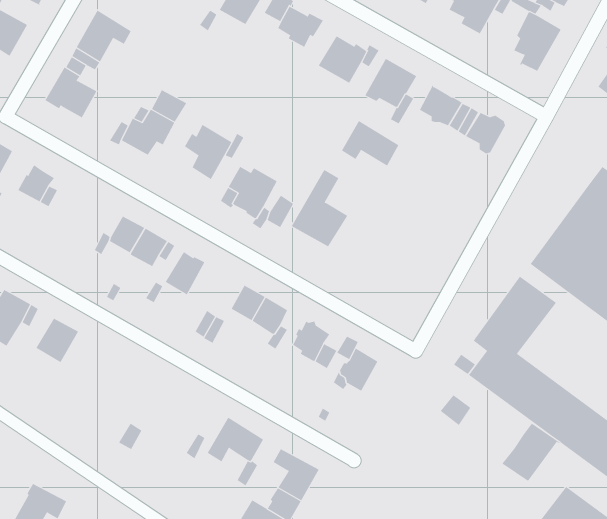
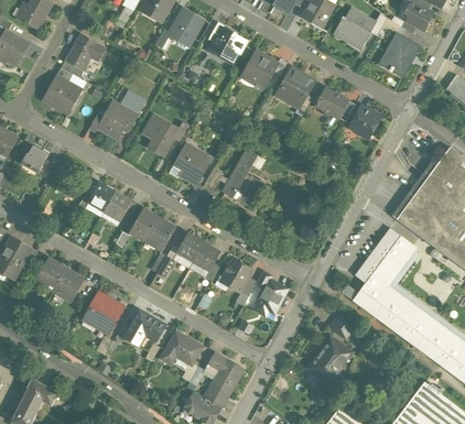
building: [341,120,399,167] -> none
building: none -> [145,217,175,251]
building: none -> [53,268,84,302]
building: none -> [83,291,123,333]
building: none -> [123,309,164,343]
building: [501,423,560,483] -> [307,337,350,381]

